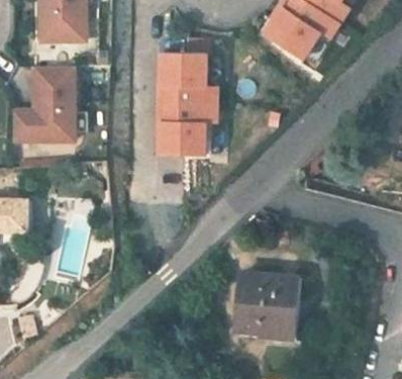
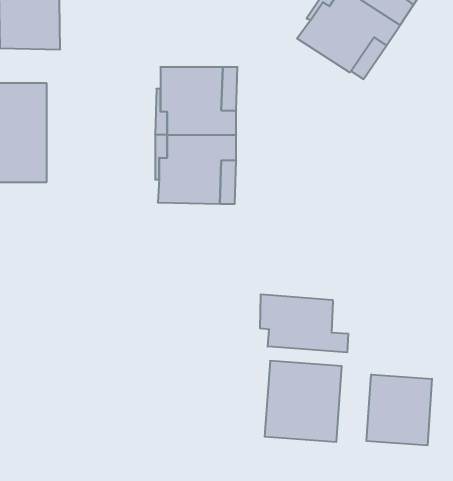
building: none -> [260,294,348,352]
building: none -> [367,374,432,445]

